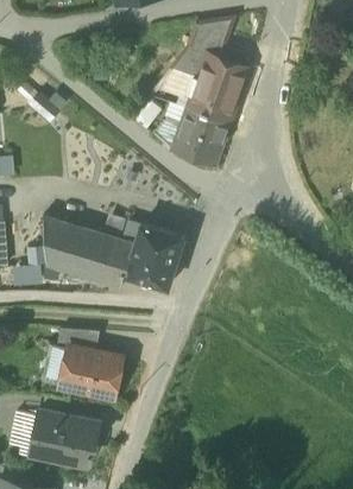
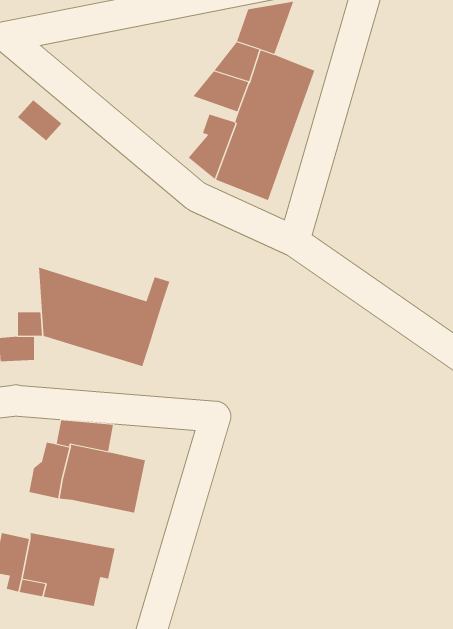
building: [127,224,185,286] -> none

